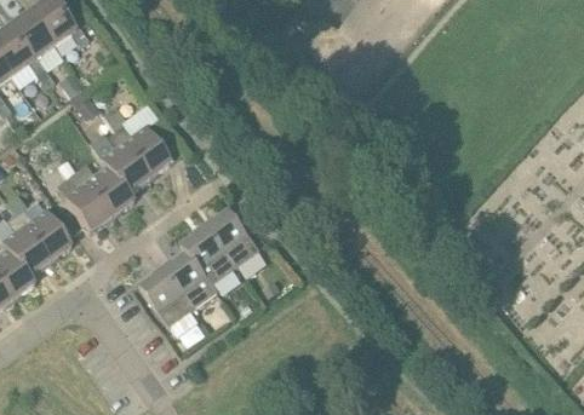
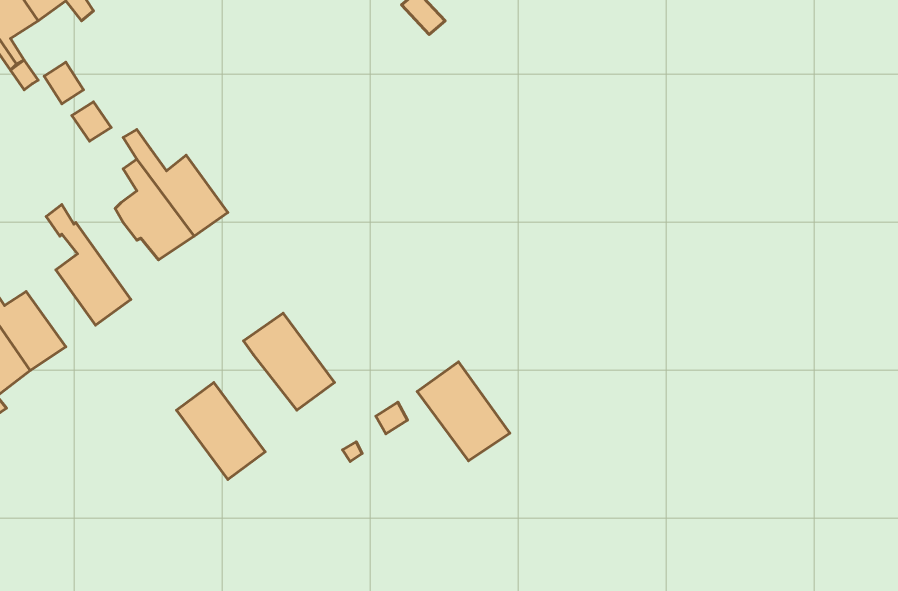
building: [75,165,132,218] -> none
building: [202,208,259,269] -> [417,362,510,461]
building: [160,252,218,311] -> none

